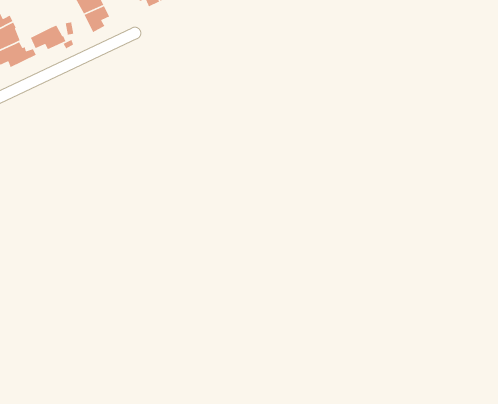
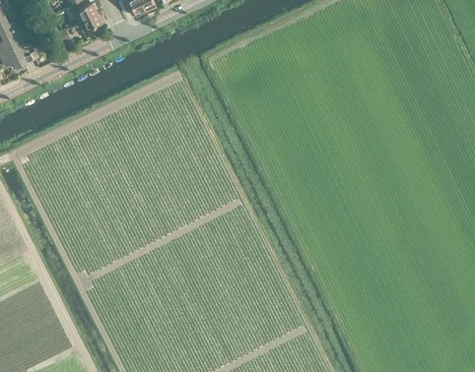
building: [30,25,67,50] -> none

